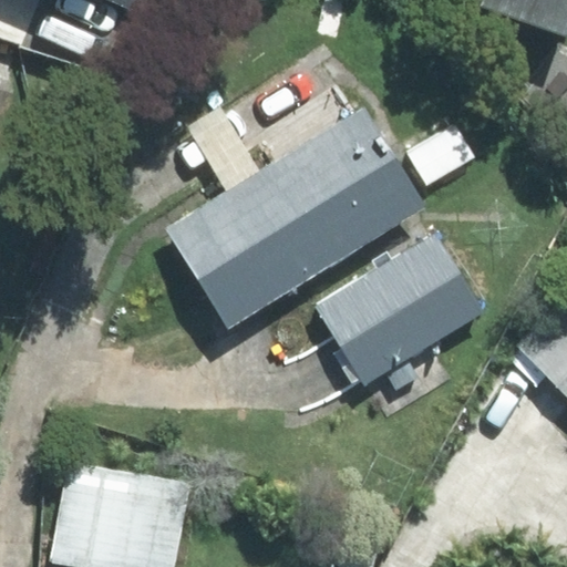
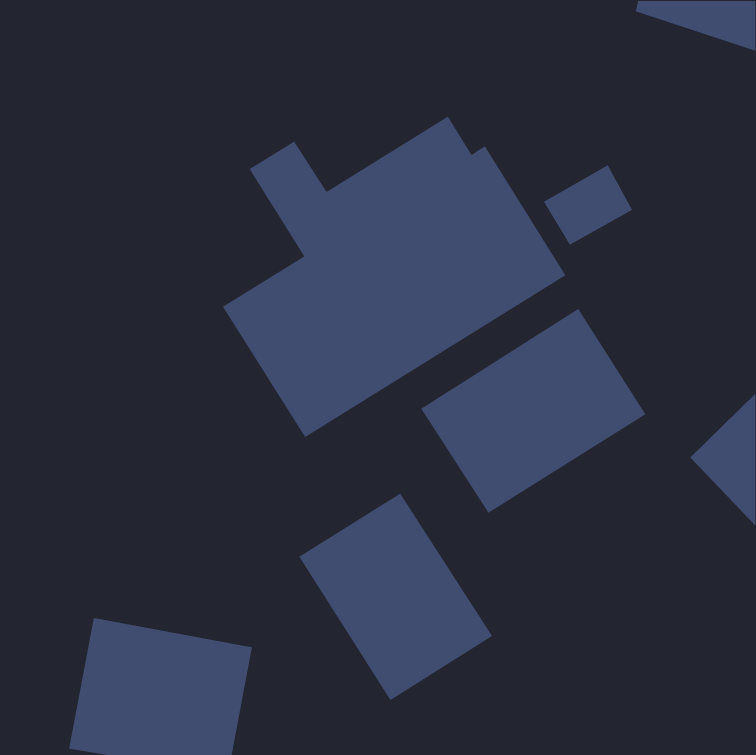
building: none -> [298,492,493,701]

